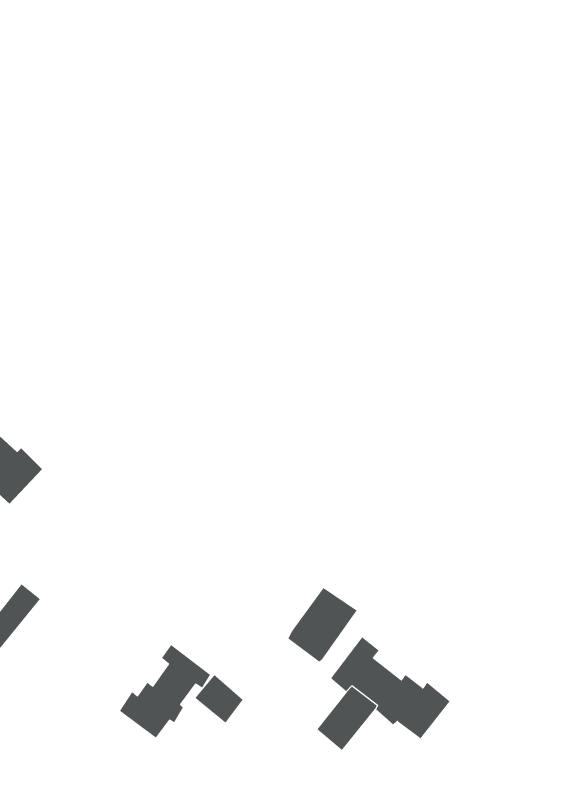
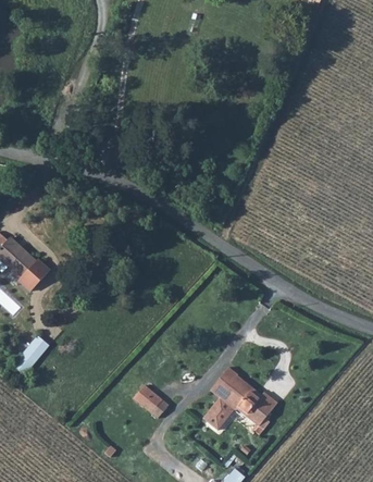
building: [287,587,358,662] -> none
building: [119,644,211,739] -> none

